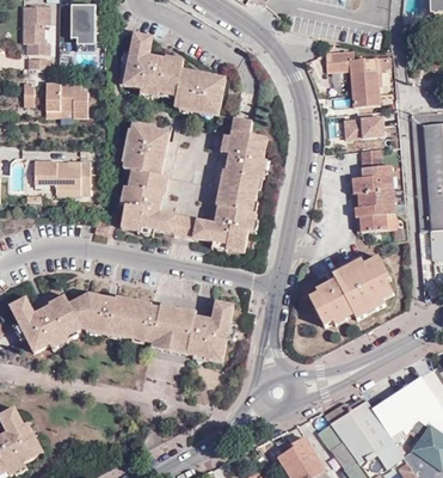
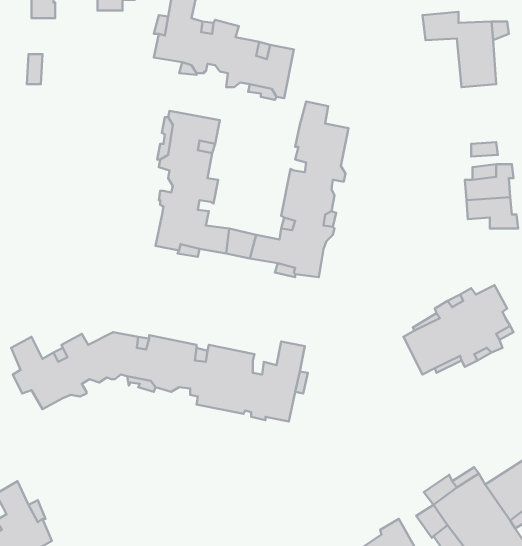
building: [45,81,87,116] -> none
building: [344,116,384,137] -> none
building: [33,160,90,194] -> none
building: [355,206,394,231] -> none

